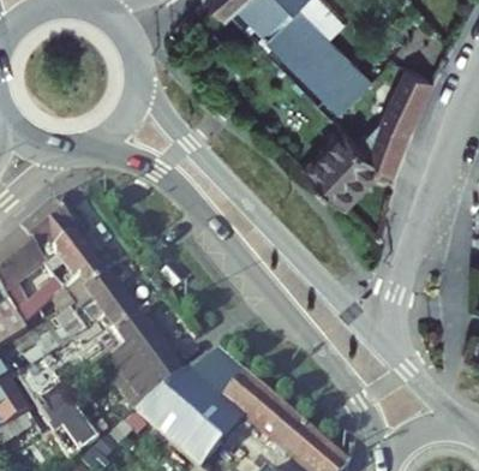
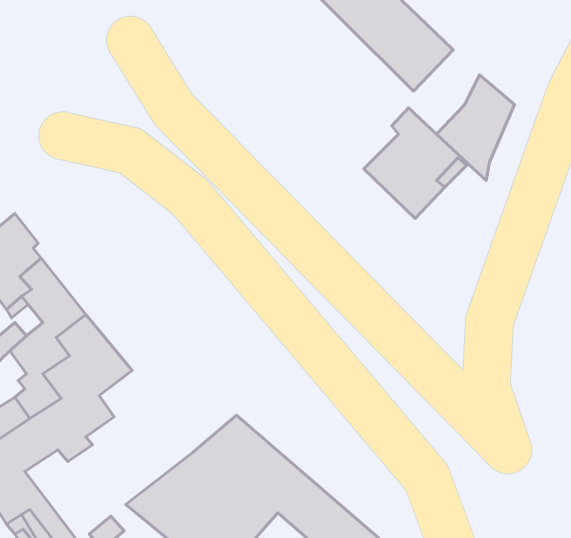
building: [391,68,435,123] -> none
building: [106,316,182,410] -> none

